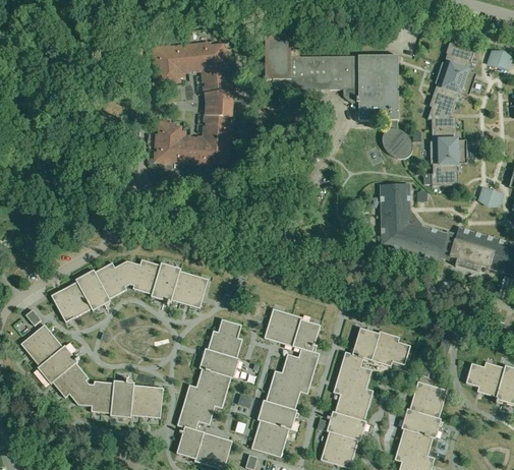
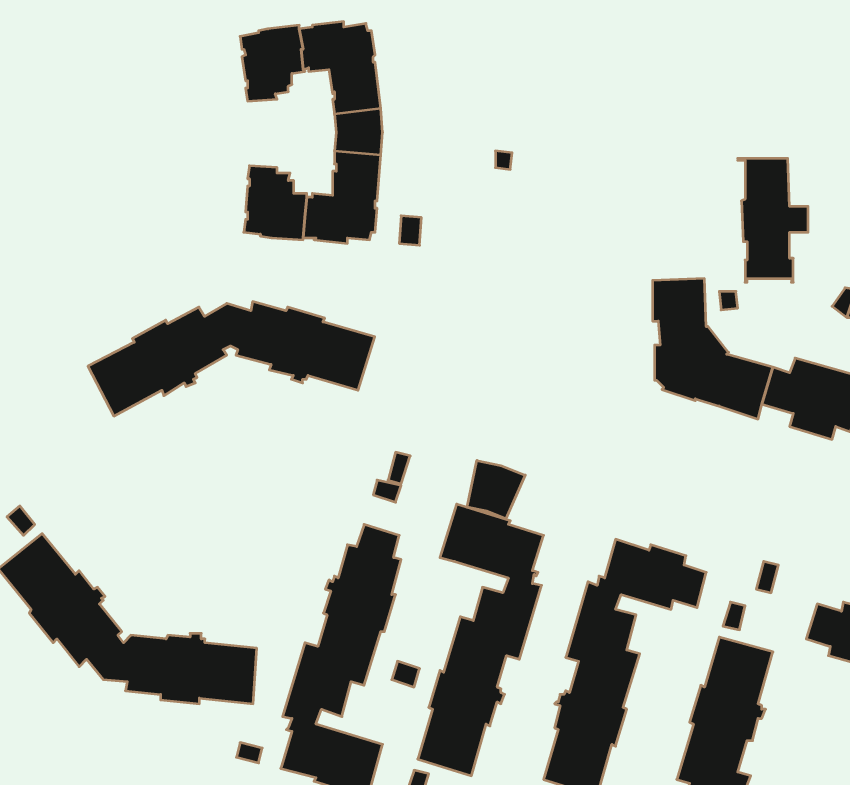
building: [265,36,412,159] -> none
building: [427,41,475,118] -> none
building: [51,259,209,322] -> [88,302,375,416]
building: none -> [467,460,525,519]

